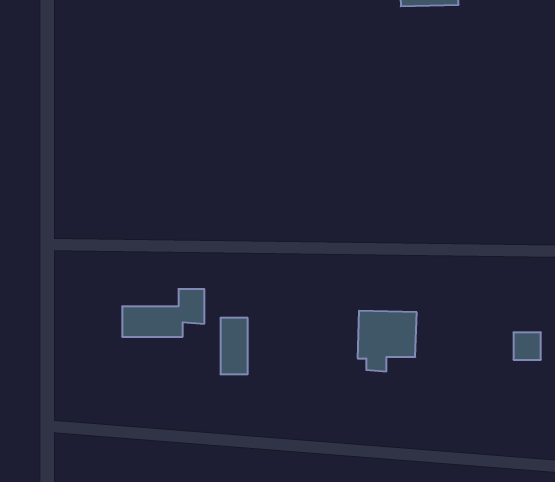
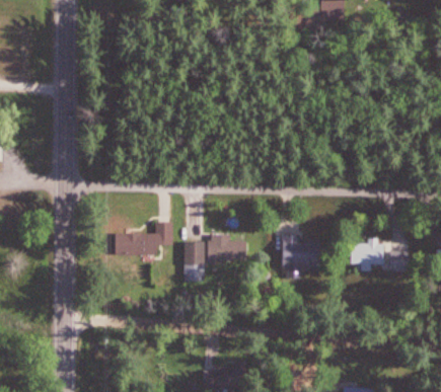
building: none -> [207,241,245,260]
building: none -> [351,242,384,265]

